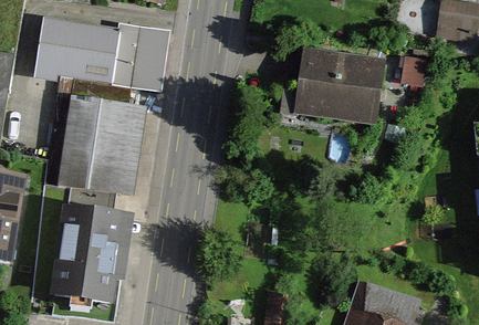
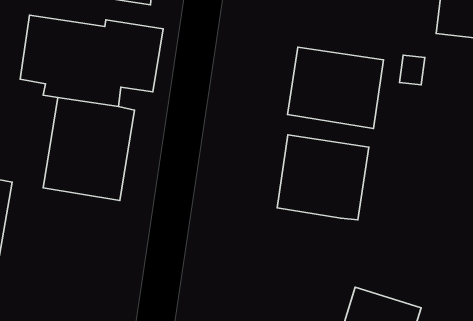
building: none -> [277,135,369,220]
building: [49,207,134,304] -> none

